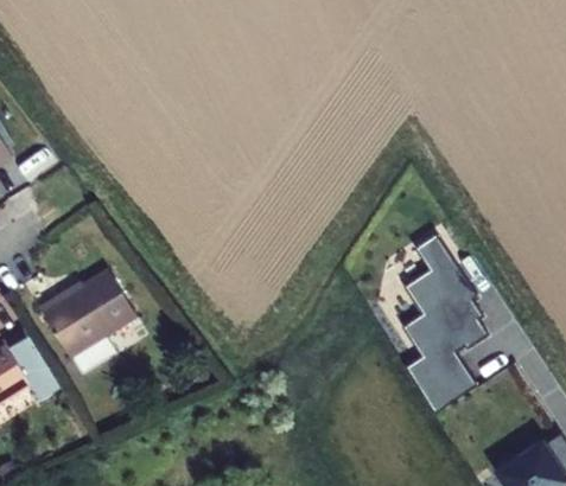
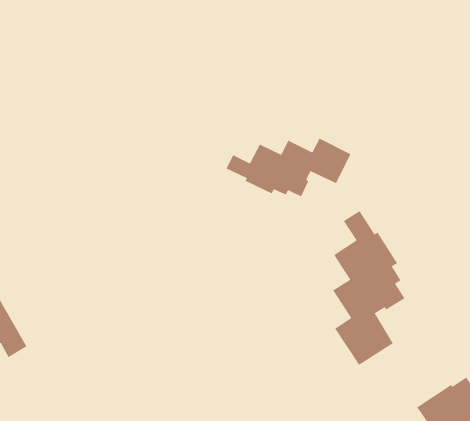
building: none -> [226,138,352,197]
building: [40,271,139,358] -> none

